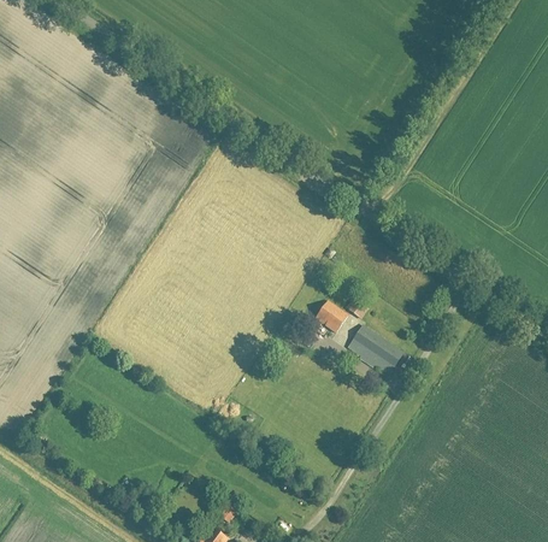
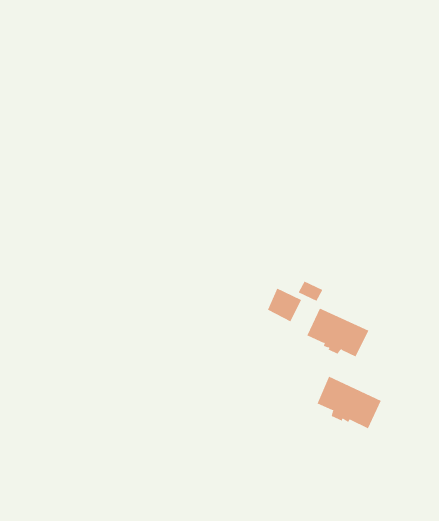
building: none -> [317,376,381,429]

